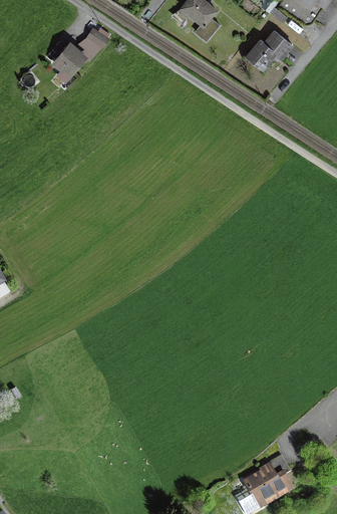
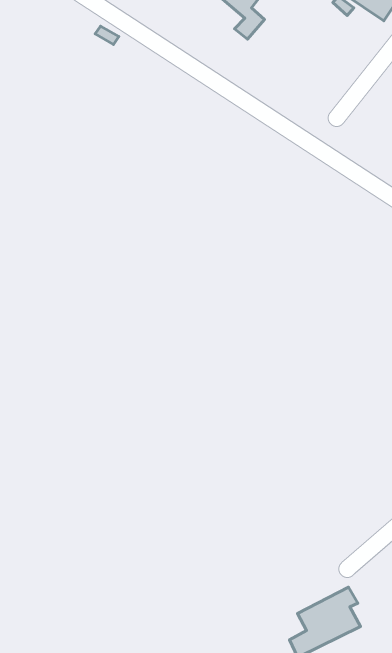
building: [246,29,292,67] -> none
building: [55,43,85,73] -> none

